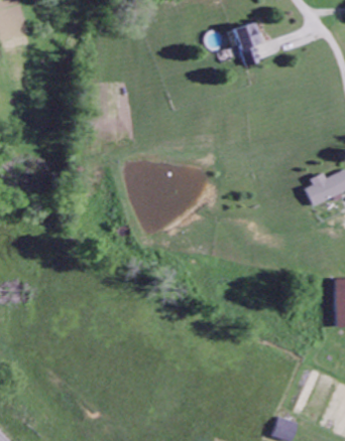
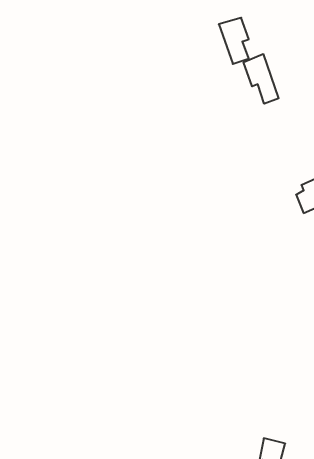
building: none -> [244,54,279,104]

